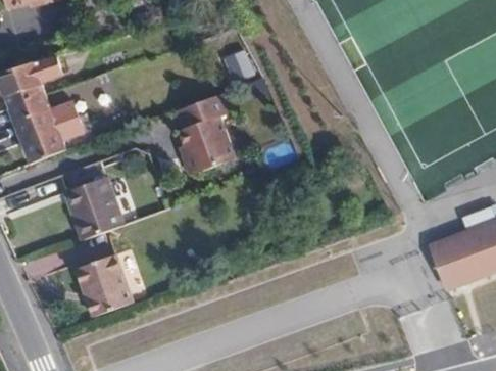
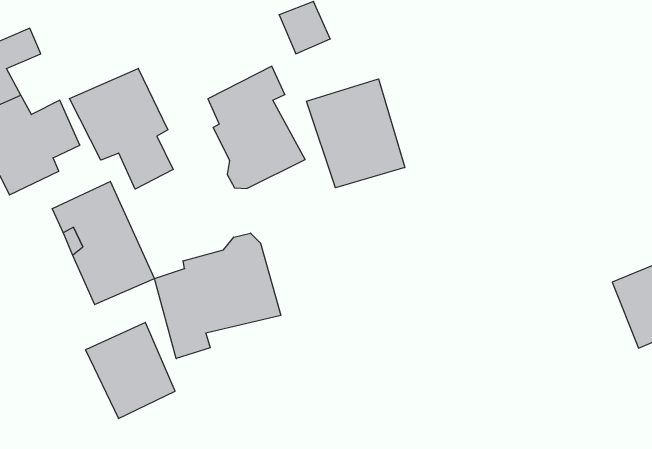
building: none -> [69,68,173,189]
building: none -> [307,79,405,188]
building: none -> [155,233,281,359]

